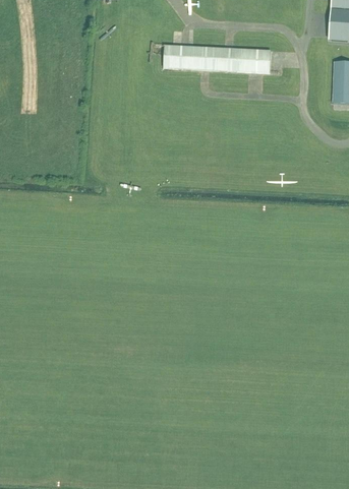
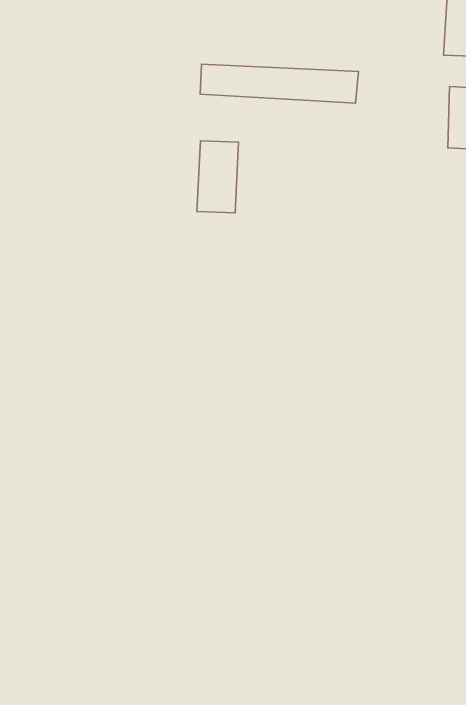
building: none -> [197,141,239,213]

